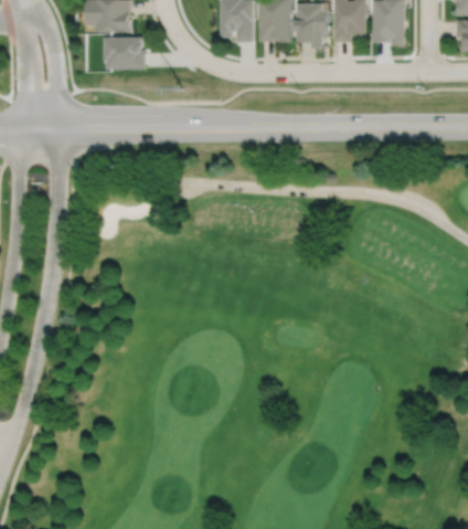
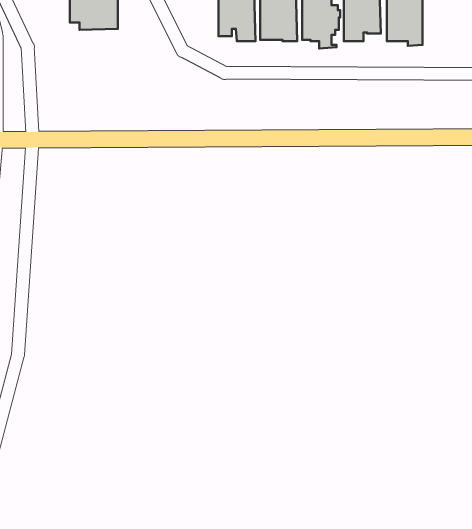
building: [104,38,145,70] -> none

